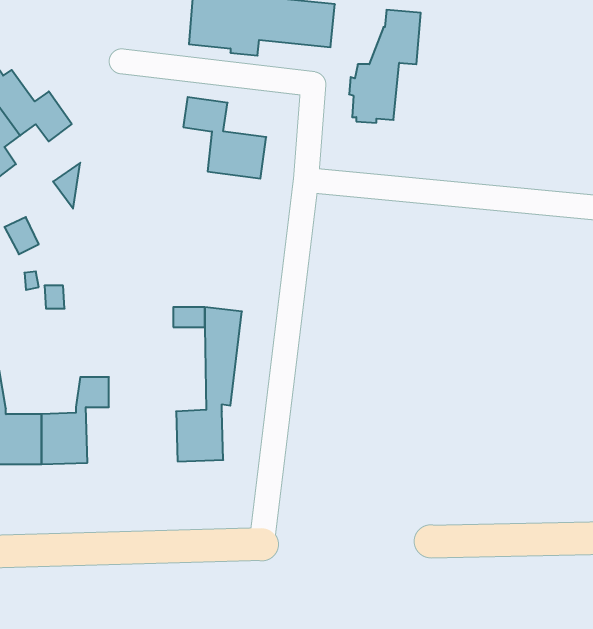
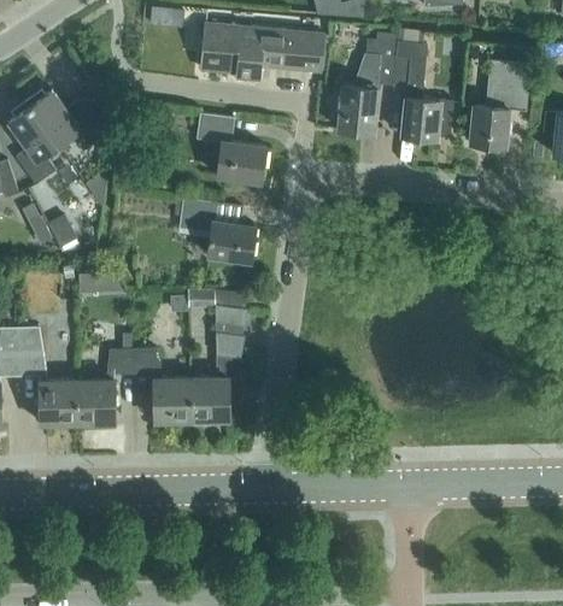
building: none -> [393,42,453,142]
building: none -> [470,60,530,149]
building: none -> [174,199,256,261]
building: none -> [134,348,192,422]

